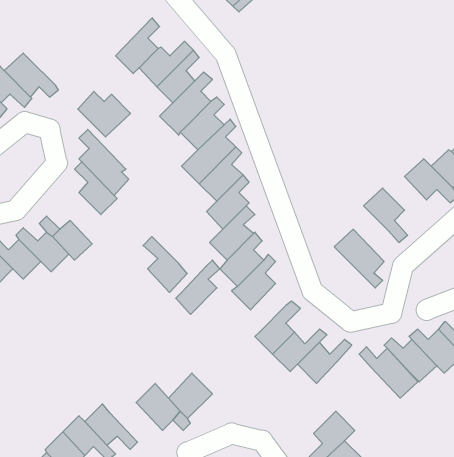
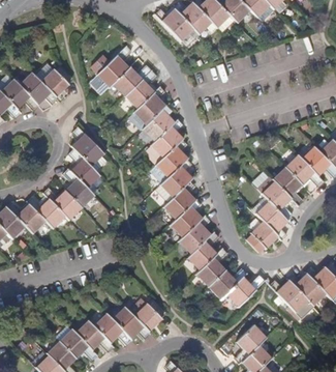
building: [78,91,131,137] -> [35,63,72,95]
building: none -> [285,155,323,188]
building: none -> [256,176,293,221]
building: [143,237,187,292] -> [62,168,93,207]
building: [176,260,220,314] -> [188,231,219,269]
building: none -> [246,222,277,252]
building: none -> [93,313,131,345]

